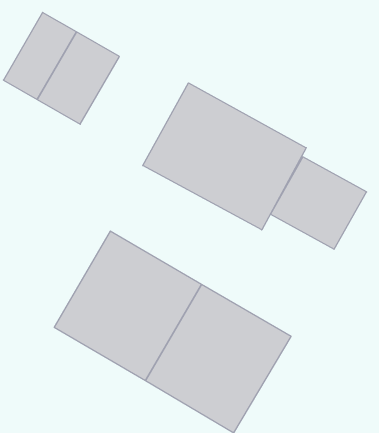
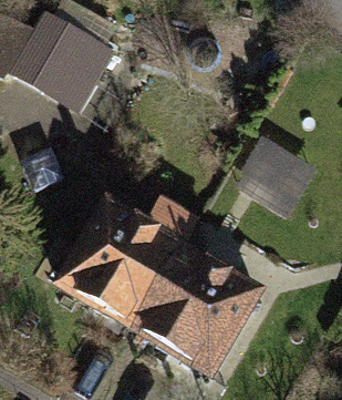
building: [143,83,306,230] -> none

